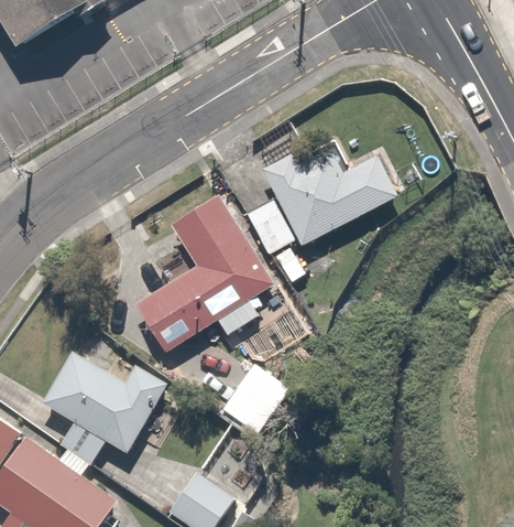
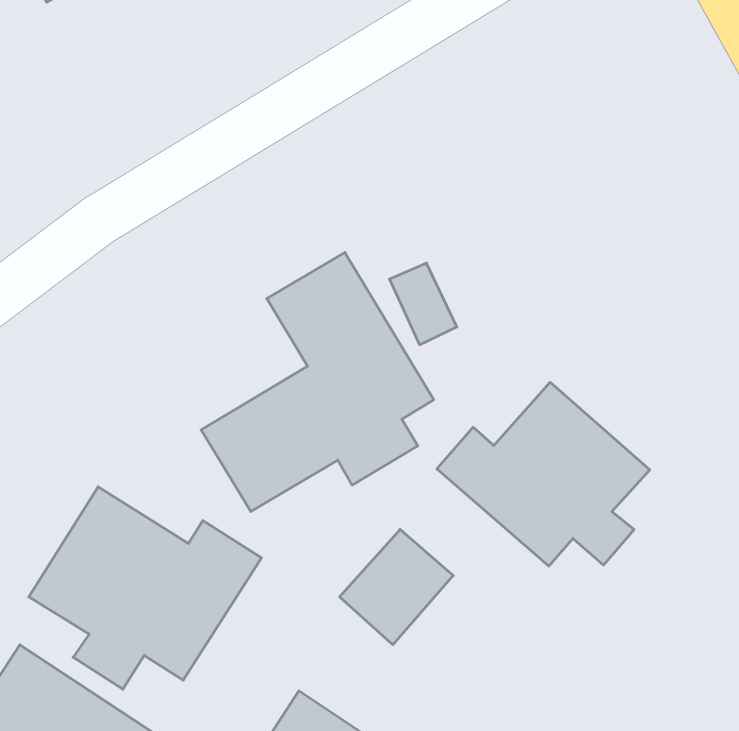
building: [260,148,408,246] -> none
building: none -> [437,382,650,566]

